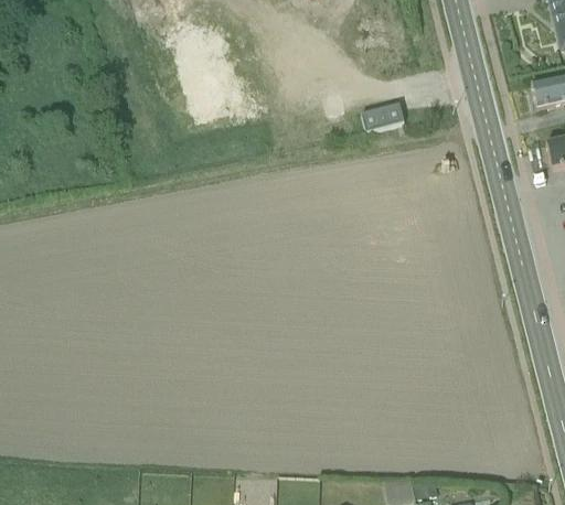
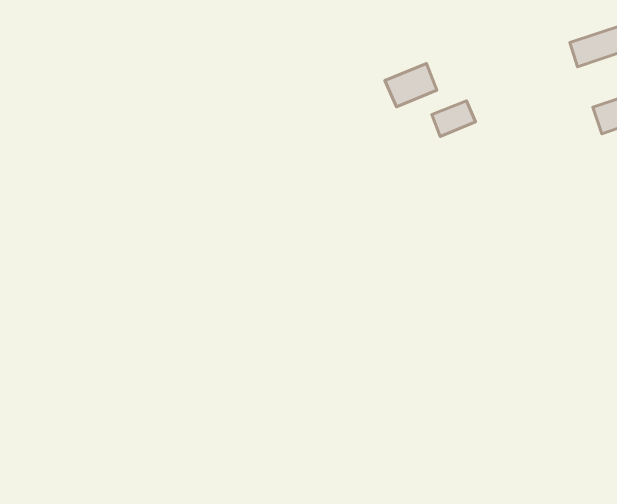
building: none -> [432,101,476,136]

